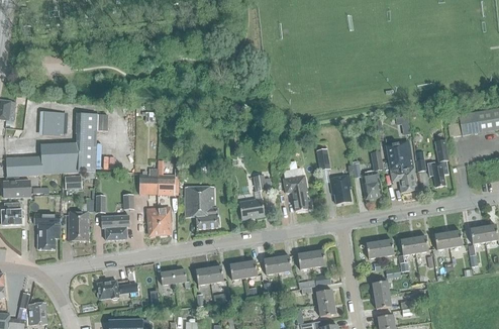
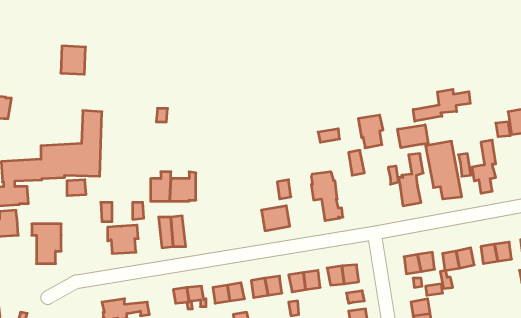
building: none -> [413,89,470,121]
building: [41,110,64,135] -> [61,46,86,74]
building: none -> [398,125,428,148]
building: [329,174,352,203] -> [358,115,383,148]
building: [184,185,218,228] -> none
building: [68,210,92,239] -> none

